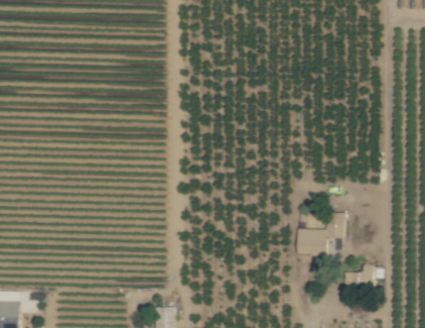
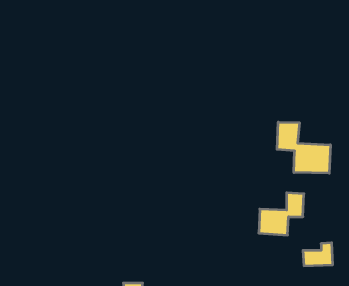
building: none -> [277,122,330,173]

